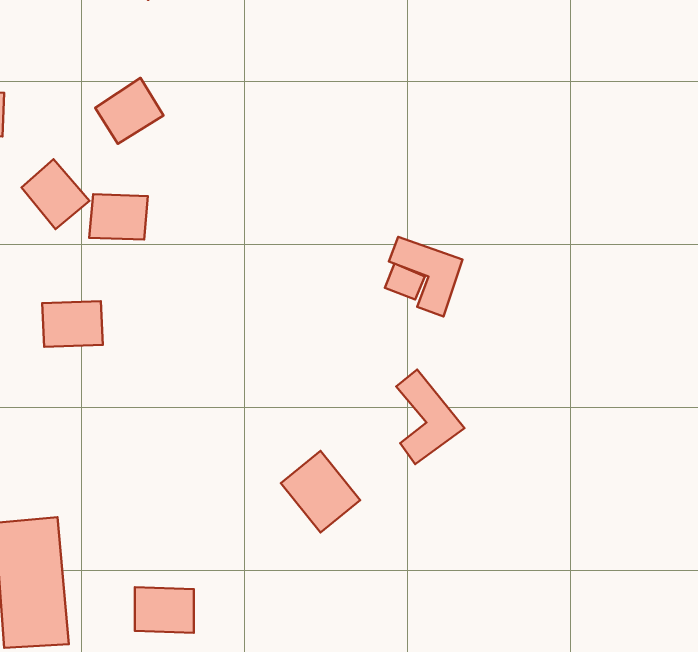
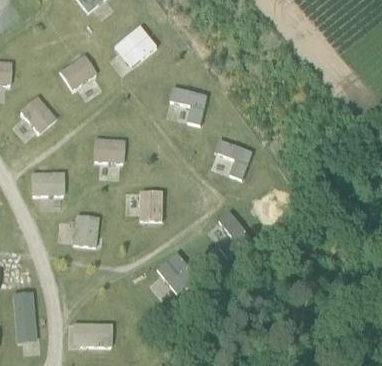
building: none -> [116,26,158,67]
building: none -> [169,86,208,125]
building: [89,194,148,240] -> [93,139,124,163]
building: none -> [140,191,163,220]
building: none -> [72,216,98,247]

